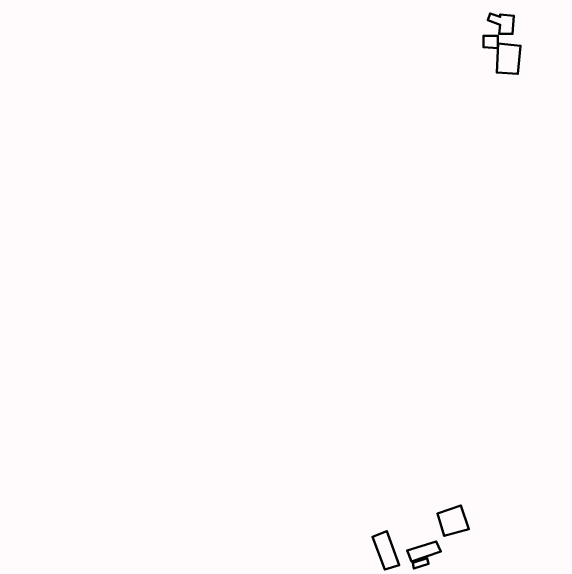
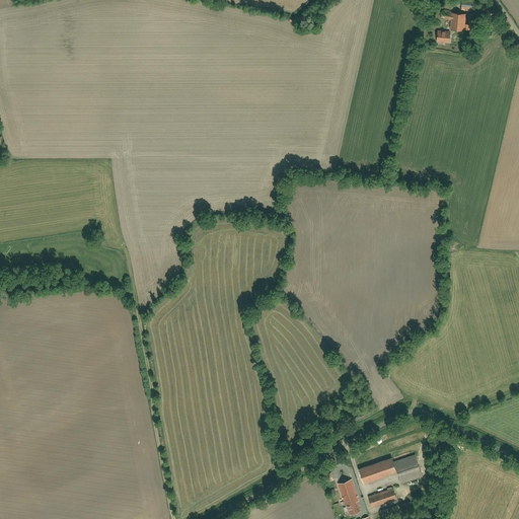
building: [497,44,521,74] -> none
building: none -> [360,460,397,485]

